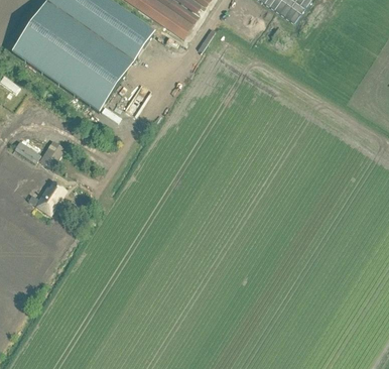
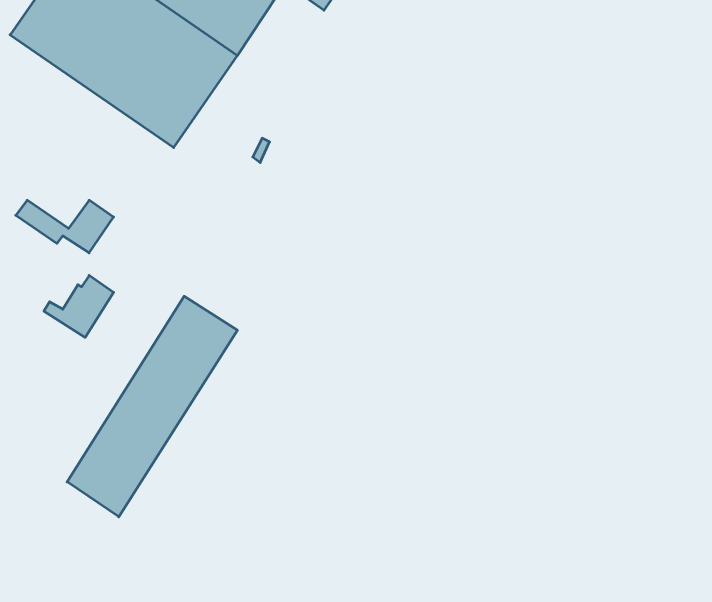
building: none -> [67,296,237,517]

